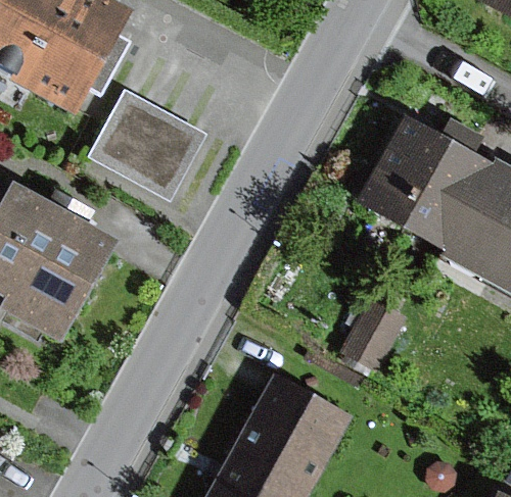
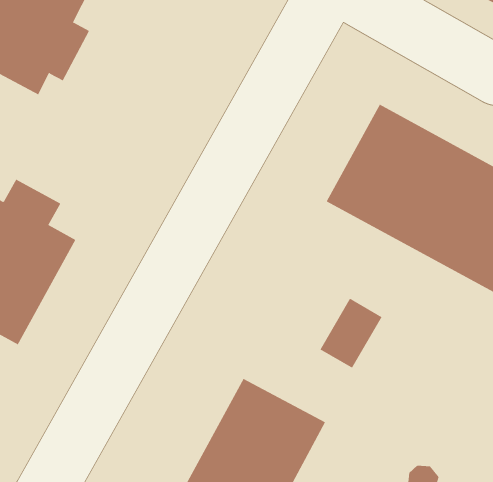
building: [89,89,206,199] -> none

